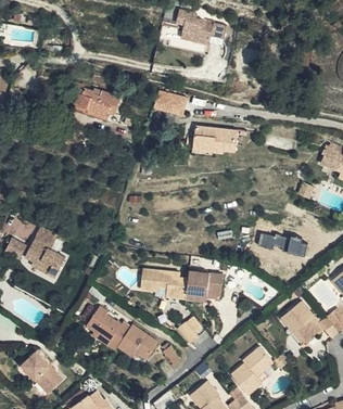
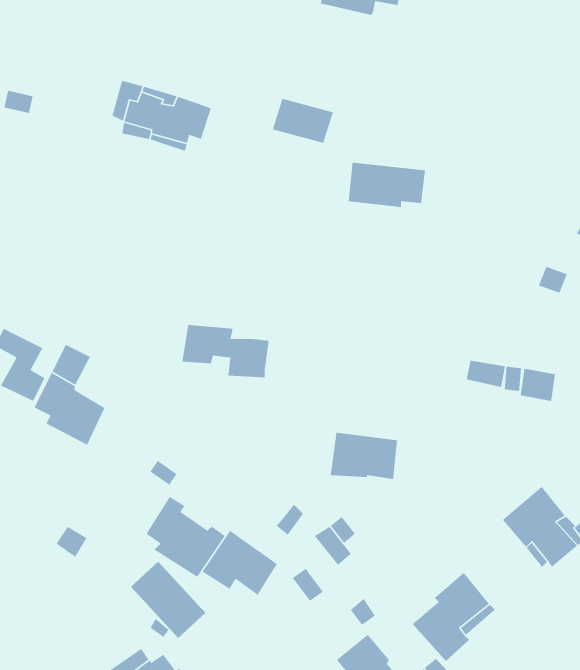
building: [140,270,188,299] -> [181,324,269,378]
building: [23,349,64,392] -> [130,561,206,639]

